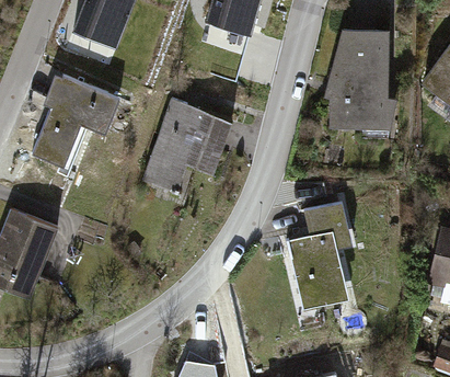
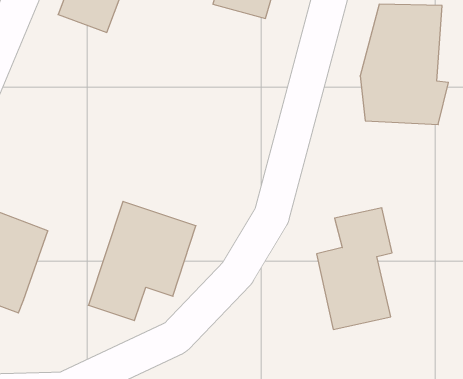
building: [34,80,118,169] -> none
building: [139,92,231,194] -> [88,201,196,321]

